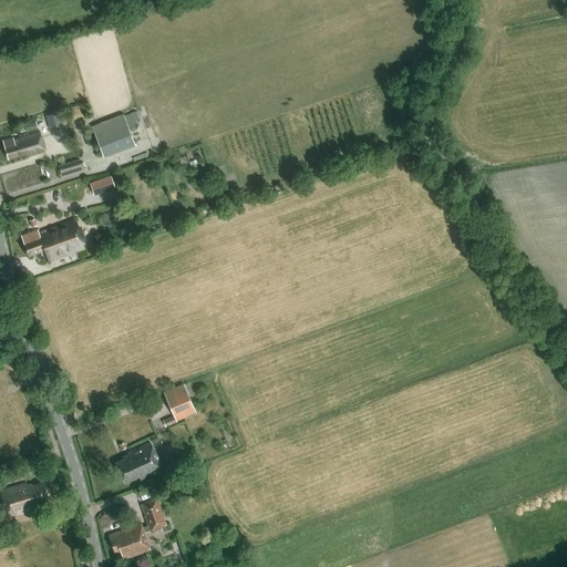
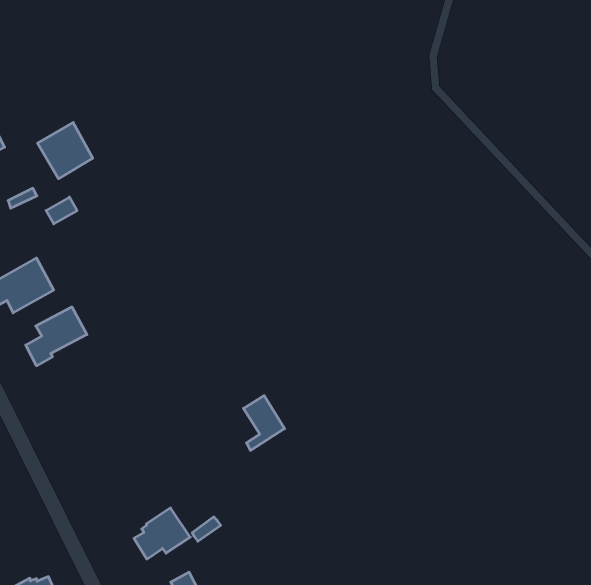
building: none -> [26,307,87,366]
building: [162,383,195,426] -> [243,396,285,450]

